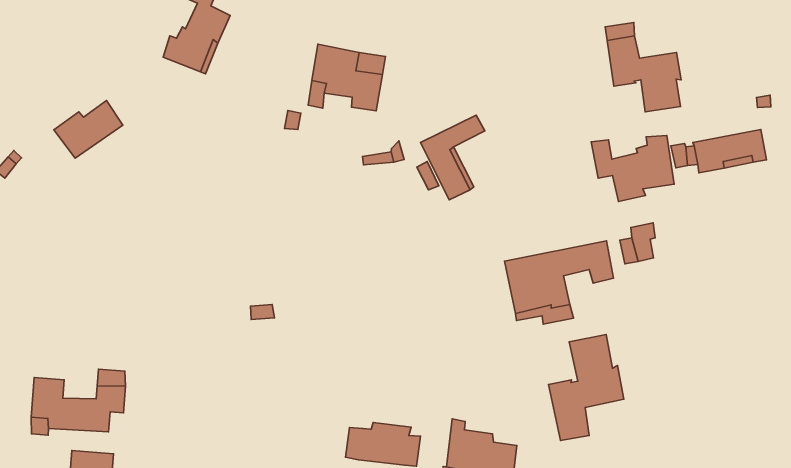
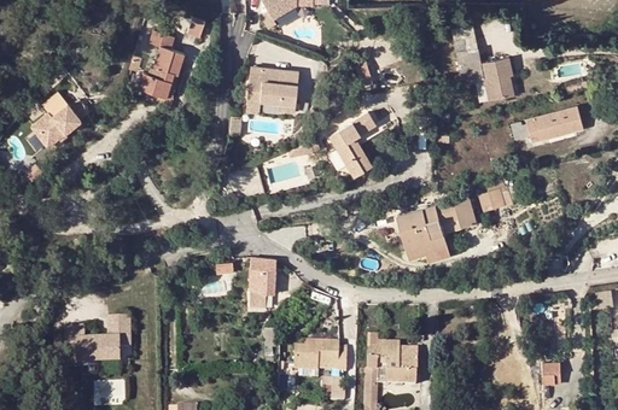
building: [54,101,123,158] -> [31,104,81,147]
building: [591,135,674,201] -> none
building: none -> [249,259,276,309]
building: [549,334,624,441] -> none

